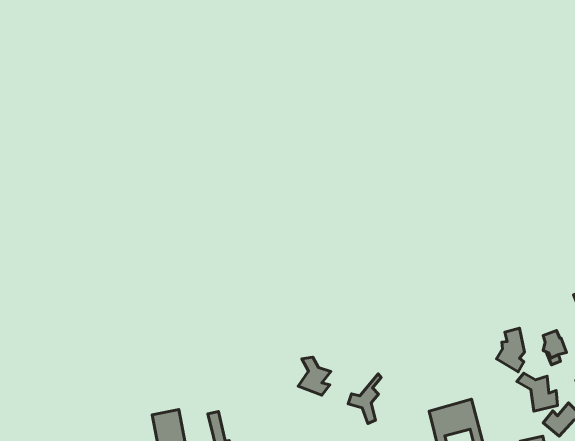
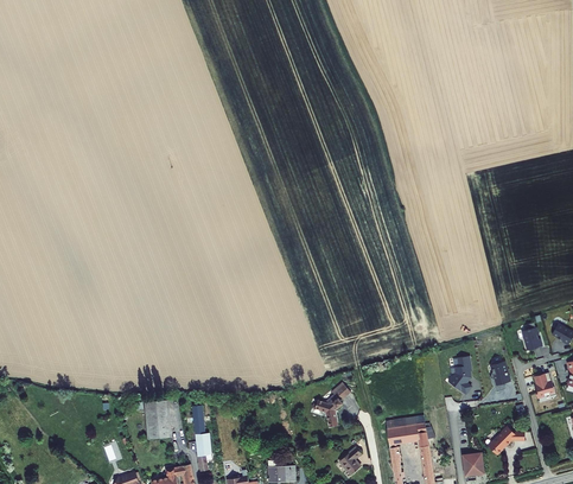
building: [298,357,331,395] -> none
building: [517,373,558,411] -> none

